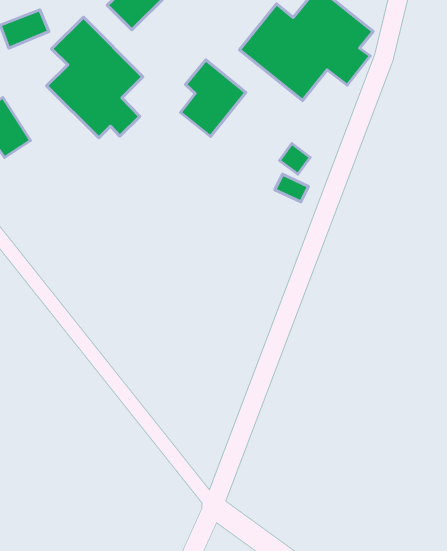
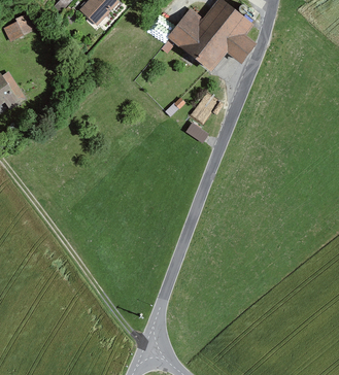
building: [47,17,143,138] -> none
building: [180,60,246,136] -> none

